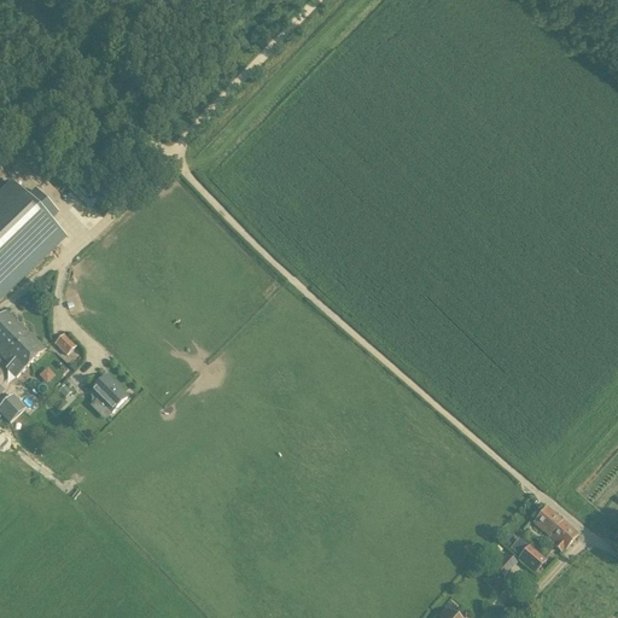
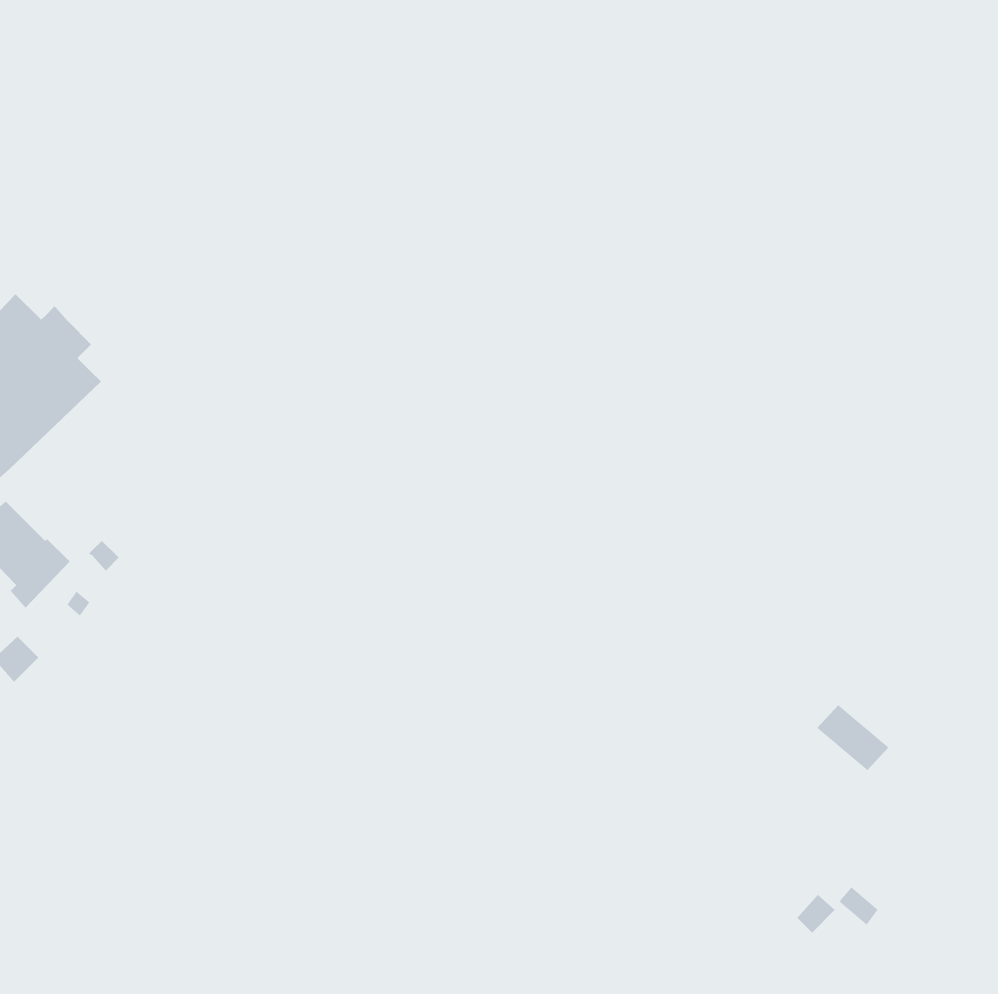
building: [89,373,126,410] -> none
building: [532,506,577,547] -> [817,704,889,771]

